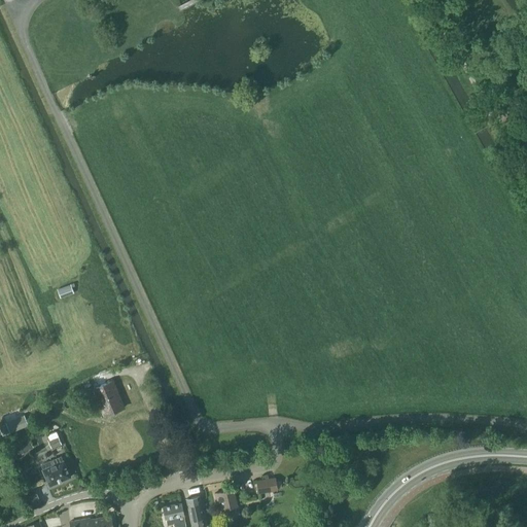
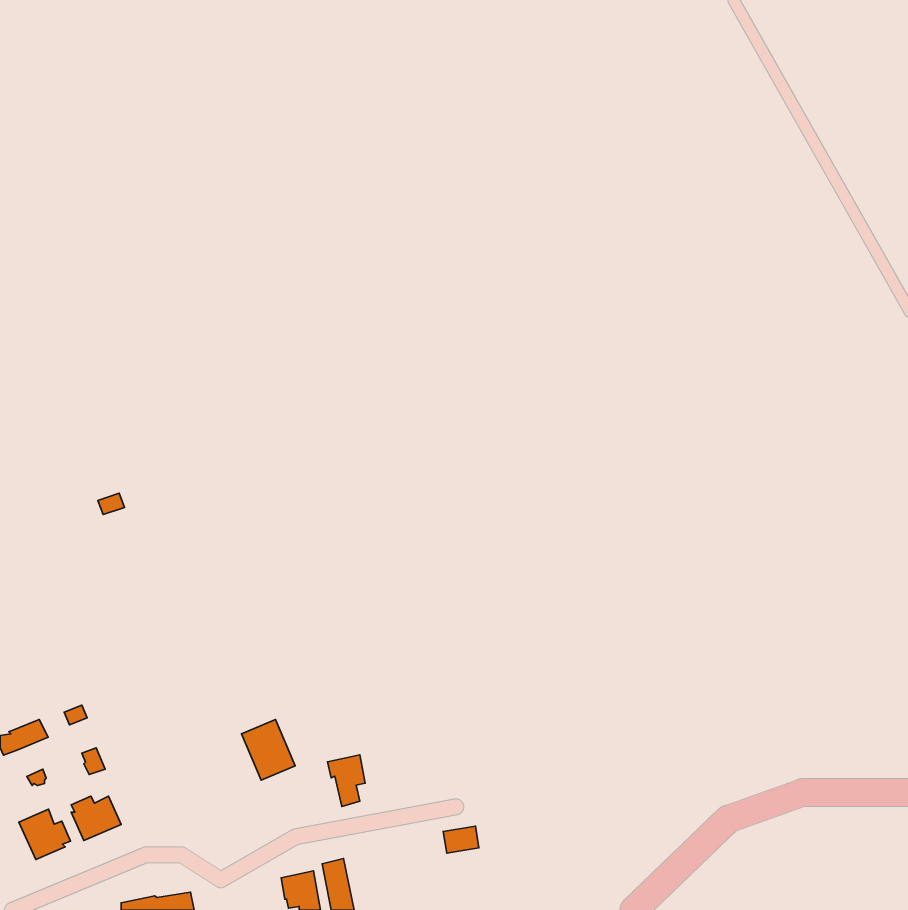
building: [94,381,125,416] -> [242,720,295,780]
building: none -> [19,809,70,860]
building: [215,489,237,519] -> [328,755,365,806]

